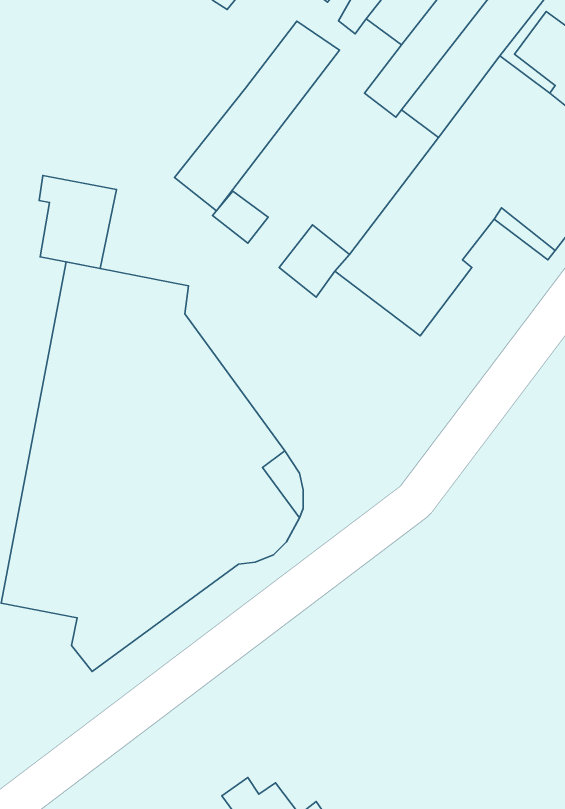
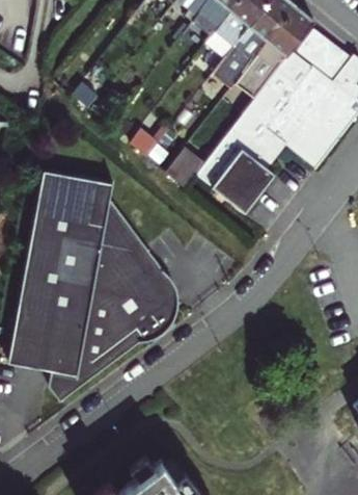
building: [174,21,340,211] -> none
building: [39,175,116,268] -> none

